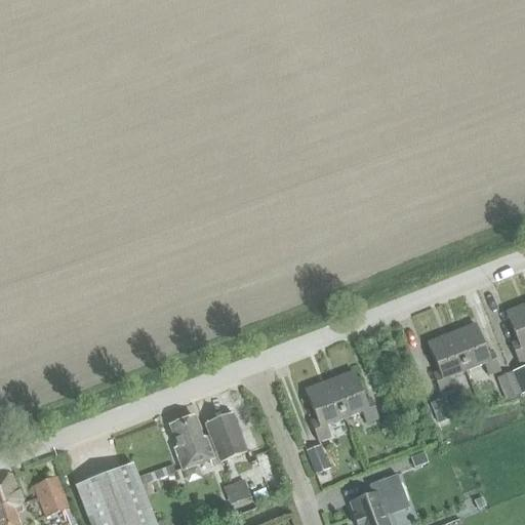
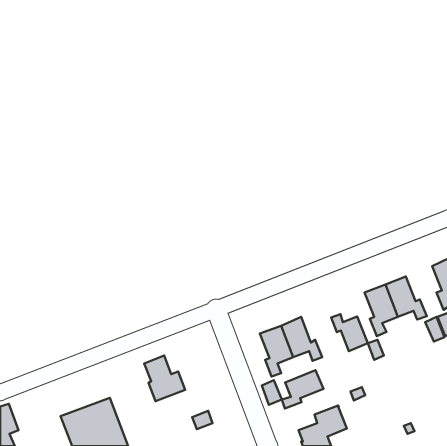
building: none -> [331,314,368,351]
building: [205,412,248,460] -> none
building: none -> [282,370,323,409]
building: [34,476,70,516] -> none

